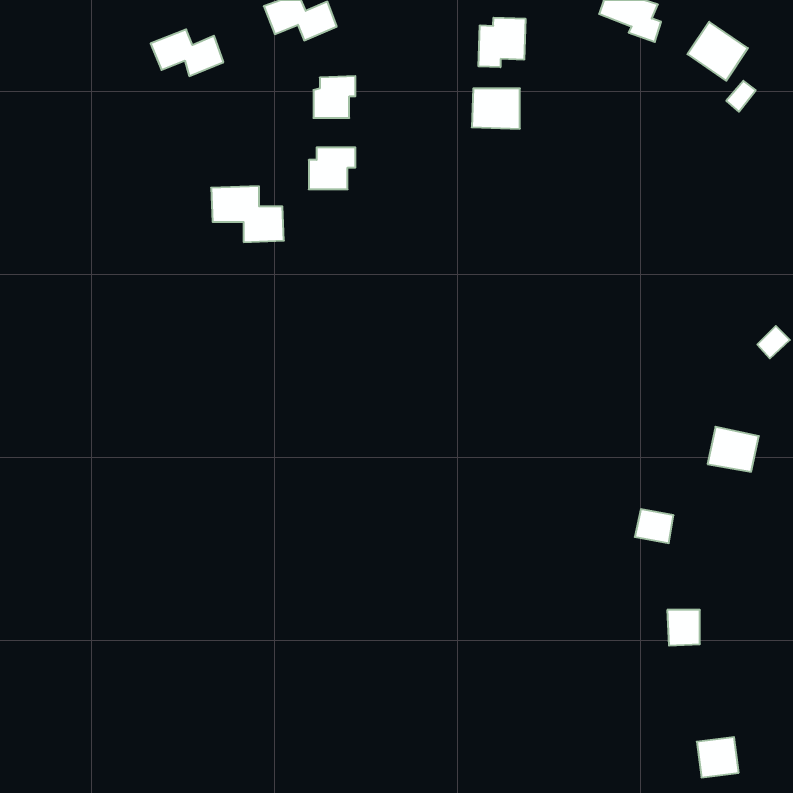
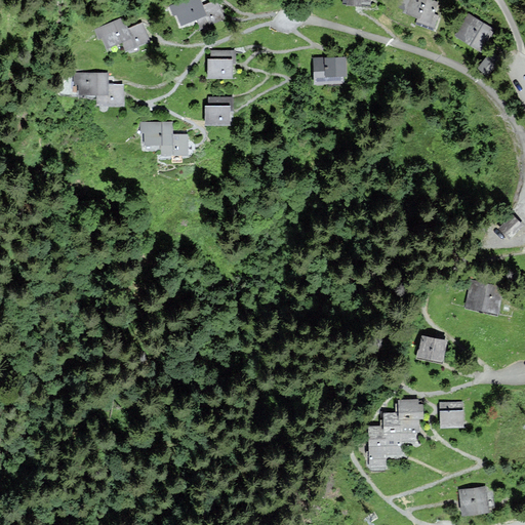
building: [479,18,525,67] -> none
building: none -> [76,73,122,104]
building: none -> [370,400,422,467]

